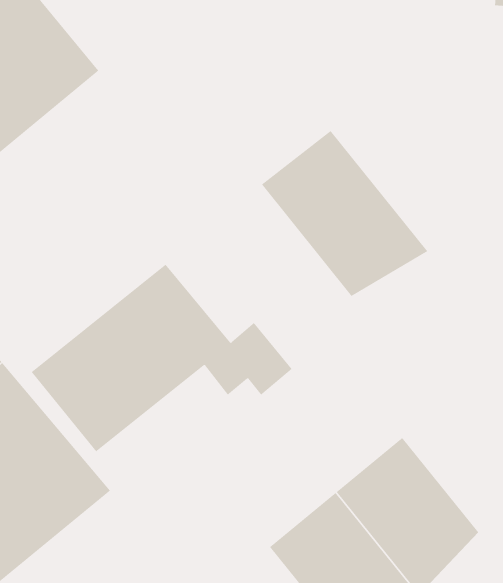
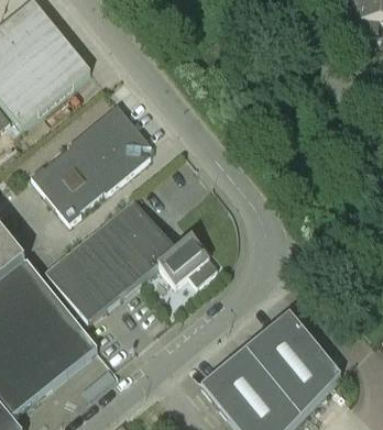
building: none -> [31,103,151,221]
building: [261,130,428,297] -> none

